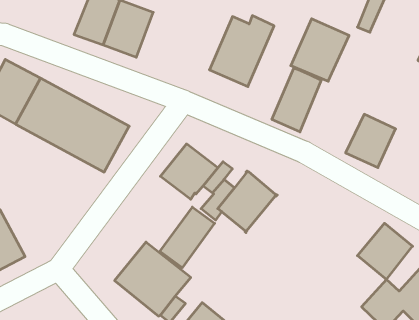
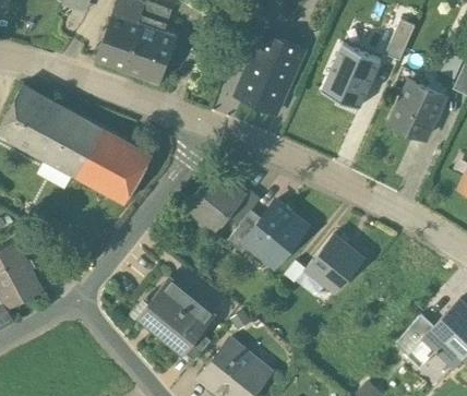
building: [272,68,321,132] -> none
building: [346,114,396,168] -> [391,81,443,136]
building: [160,207,215,268] -> none
building: [357,223,413,280] -> [306,235,363,293]

